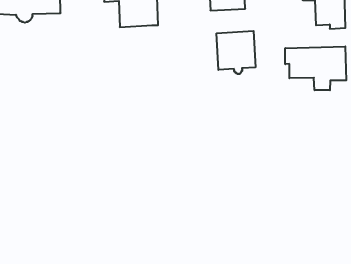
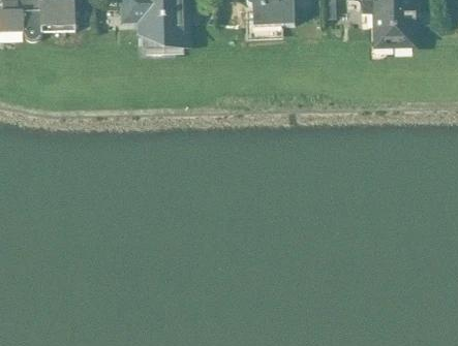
building: [217,31,255,74] -> none
building: [285,46,346,90] -> none

